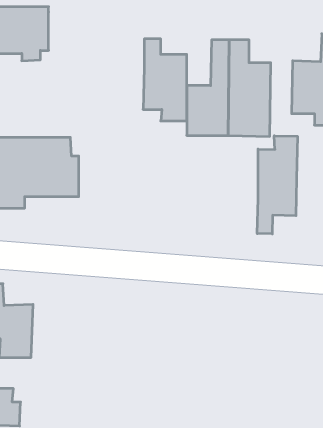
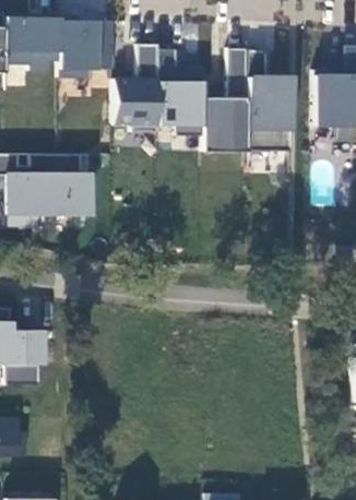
building: none -> [59,20,116,78]
building: none -> [112,43,159,123]
building: [257,136,297,234] -> none

